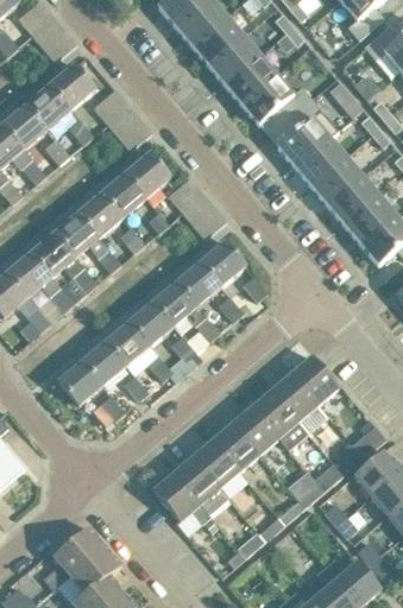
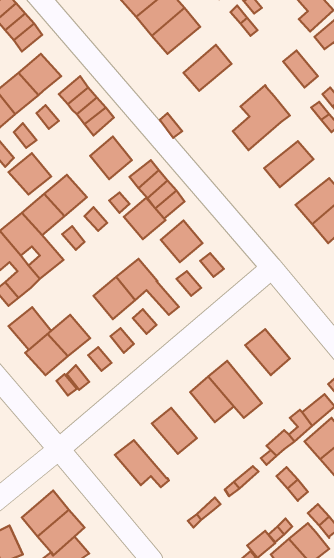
building: [208,36,259,84] -> none
building: [241,75,311,124] -> none
building: [294,137,346,185] -> none
building: [101,172,146,216] -> [8,153,51,194]
building: [327,176,379,224] -> none
building: [177,261,221,305] -> [124,198,165,239]
building: [105,321,150,366] -> [9,307,51,350]
building: [271,373,327,435] -> none
building: [212,423,258,471] -> none
building: [172,456,227,514] -> none

